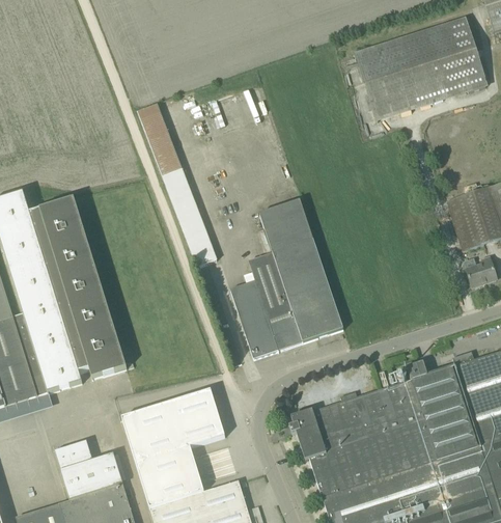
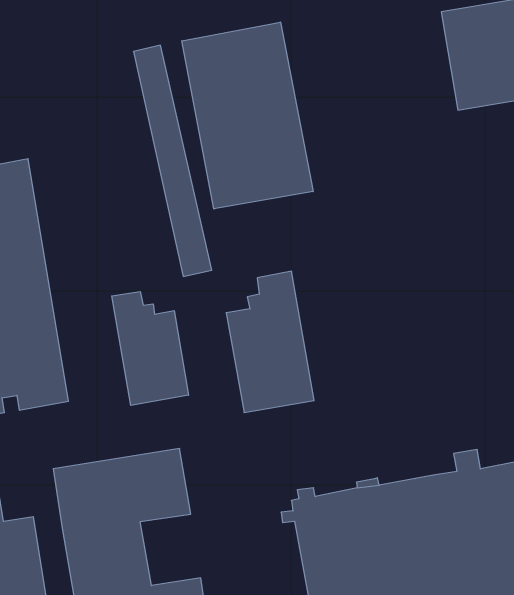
building: none -> [182,22,313,209]
building: [259,200,343,343] -> none
building: none -> [112,292,188,405]

